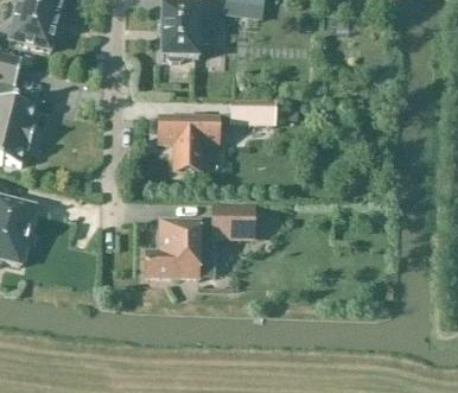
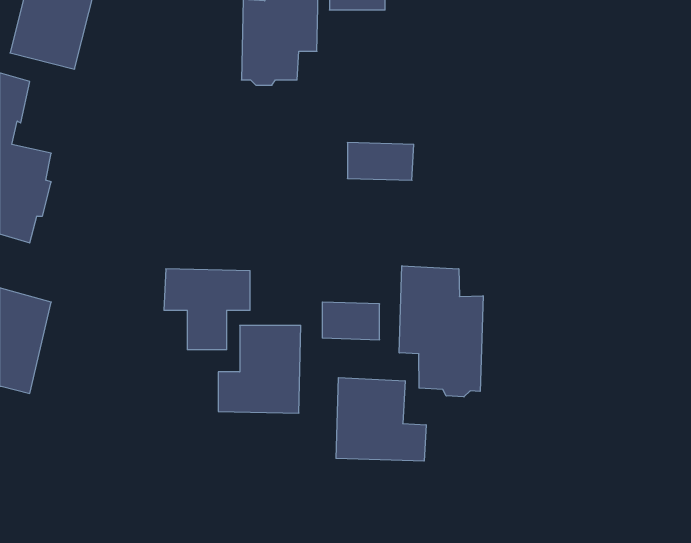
building: [159,115,216,169] -> [164,269,250,350]
building: none -> [399,266,483,397]
building: none -> [336,378,426,461]

